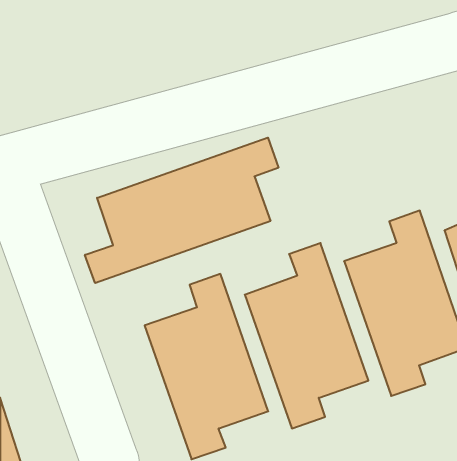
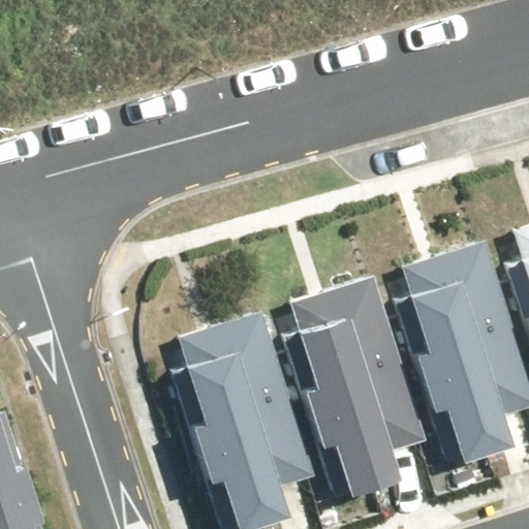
building: [85,138,278,283] -> none

